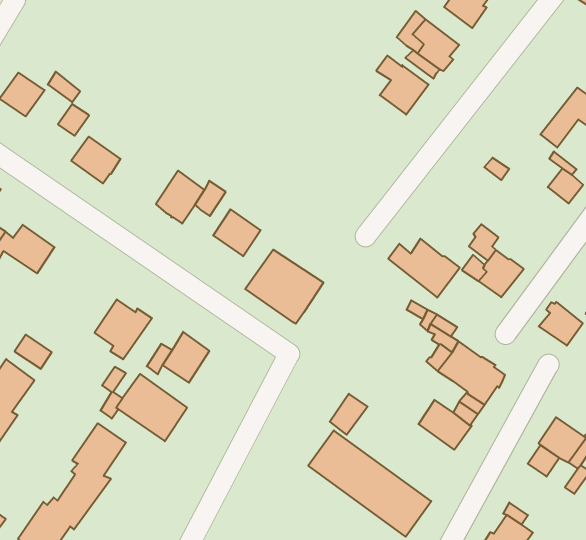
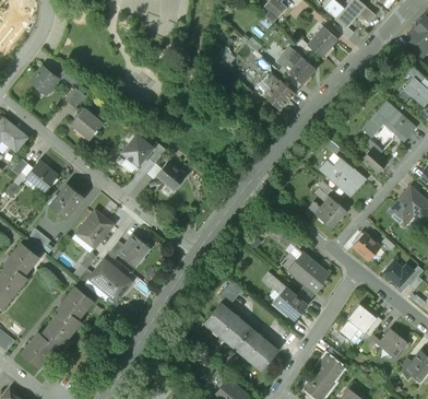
building: [388,239,460,298] -> [319,159,362,196]
building: [245,250,323,324] -> none
building: none -> [49,184,82,219]

